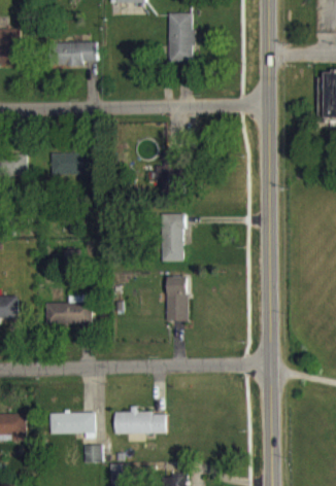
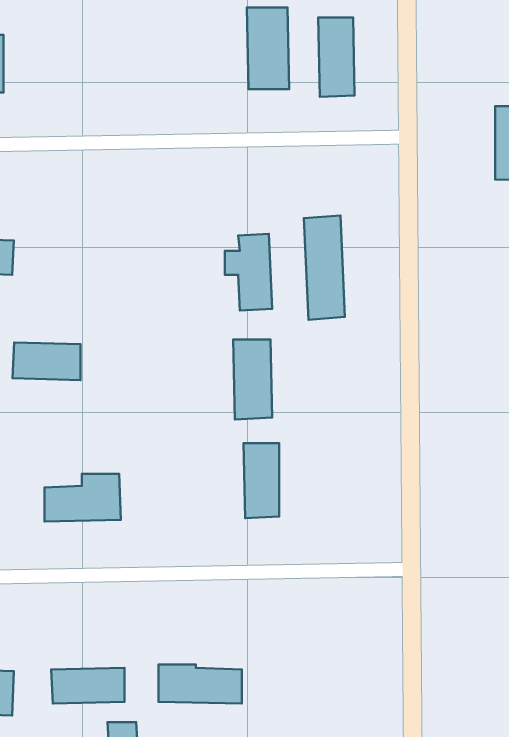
building: none -> [318,17,355,97]
building: [57,42,97,66] -> none
building: none -> [304,215,345,320]
building: [51,153,92,176] -> [12,343,80,380]

